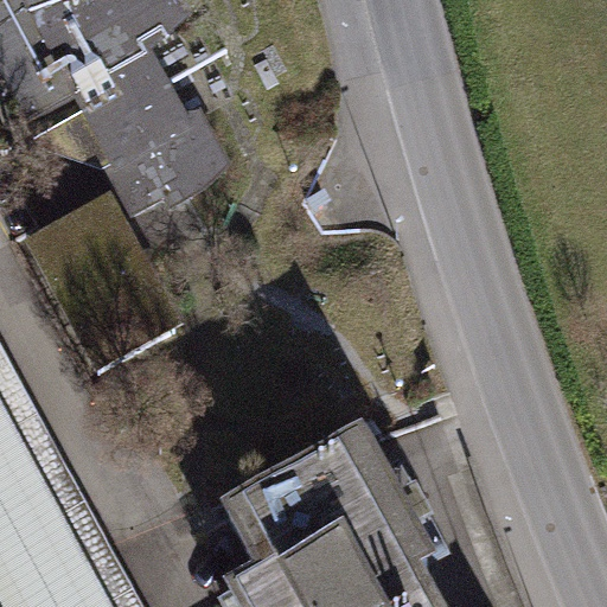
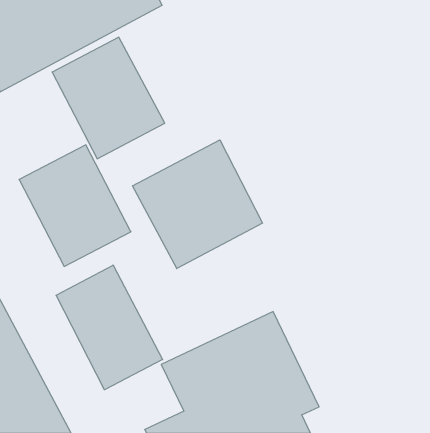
building: none -> [133,140,262,269]
building: none -> [56,265,163,390]

